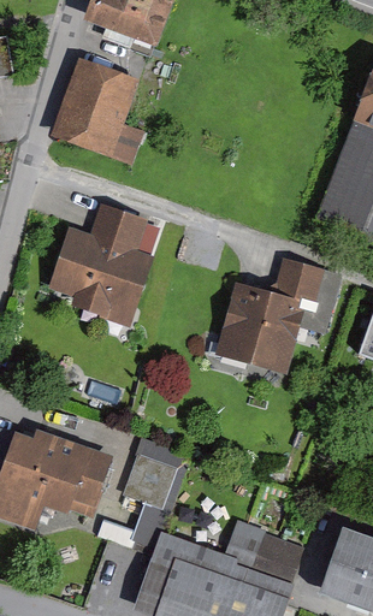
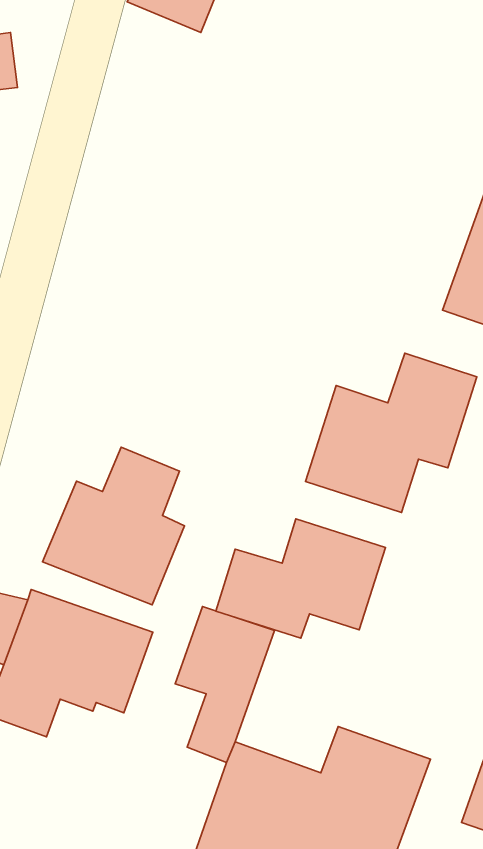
building: [57,60,136,150] -> none
building: [51,207,150,318] -> [42,447,185,605]
building: none -> [216,519,385,638]

